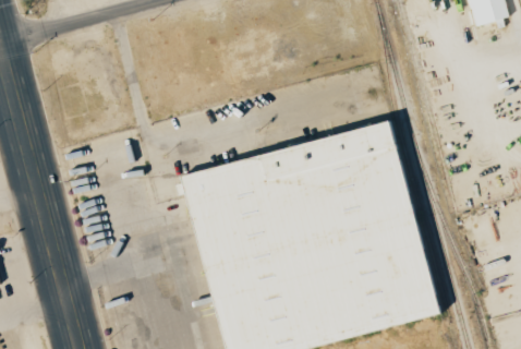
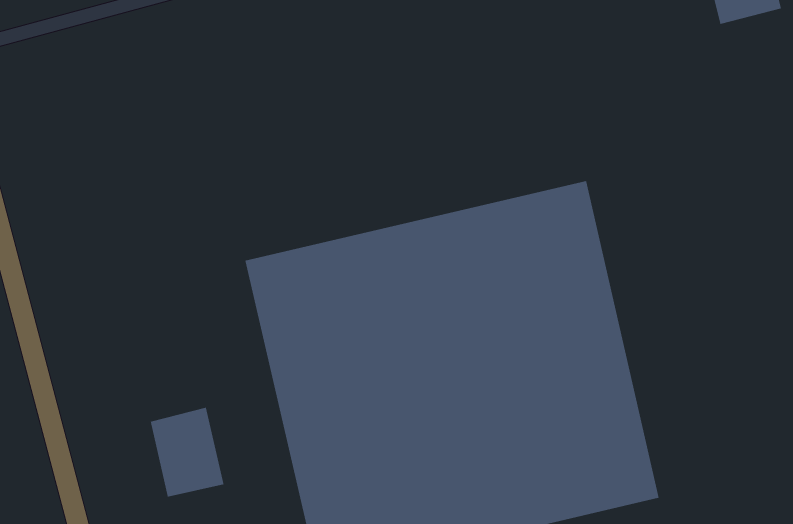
building: none -> [150,407,224,498]

